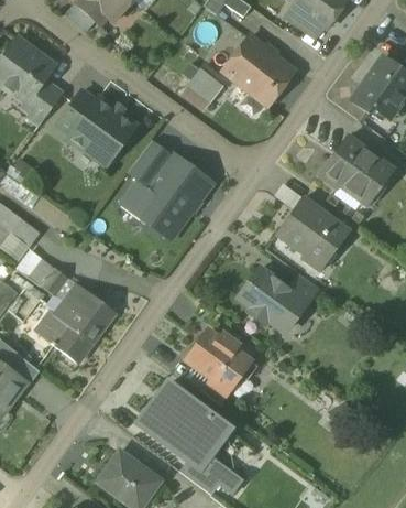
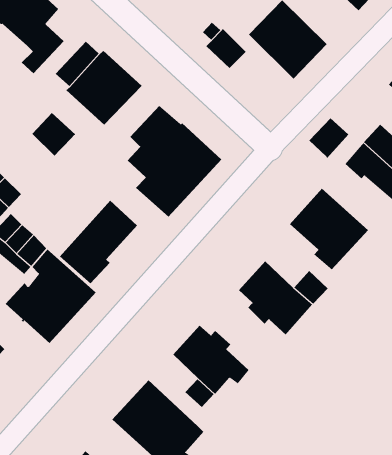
building: none -> [308,118,349,159]
building: none -> [32,112,76,157]
building: none -> [59,200,138,284]

